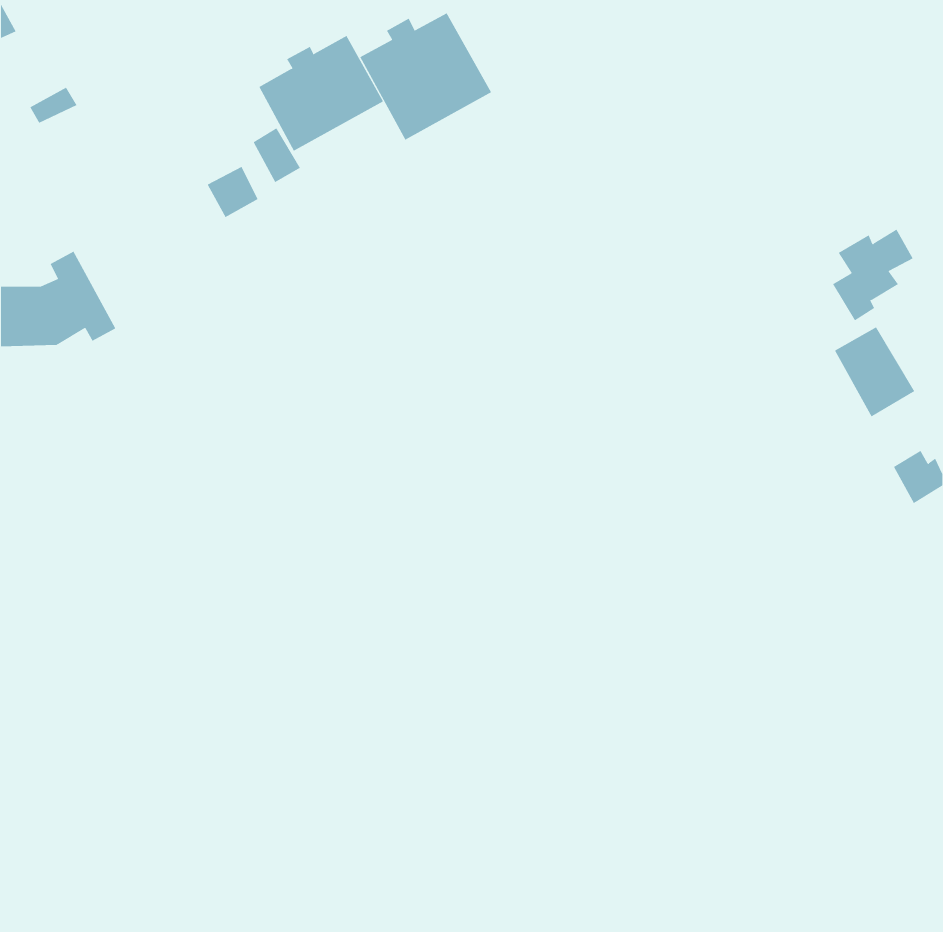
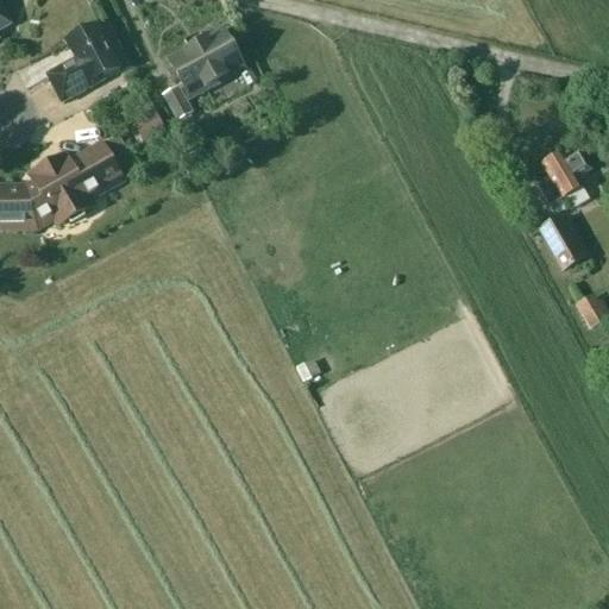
building: [359,12,492,140] -> none
building: none -> [48,19,120,100]
building: none -> [48,142,121,212]

